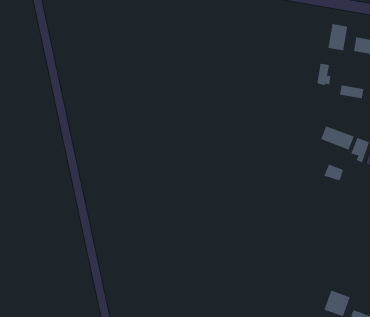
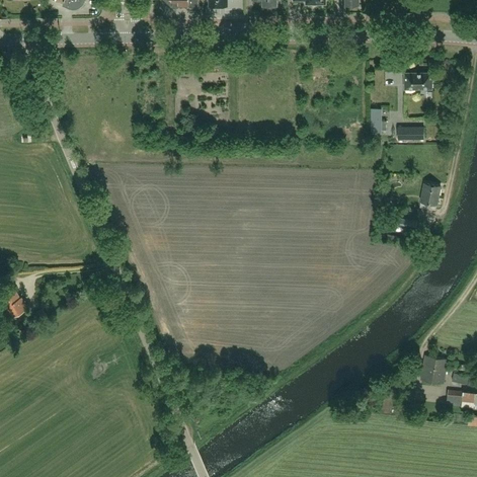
building: [328,23,348,51] -> none
building: [321,125,354,150] -> none

